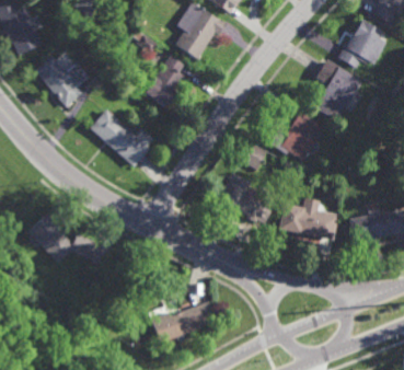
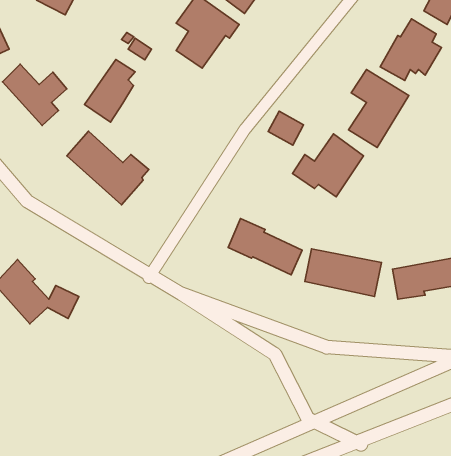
building: [145,55,185,105] -> [84,59,135,122]
building: [239,141,267,169] -> [268,111,304,145]
building: [151,301,216,343] -> none

